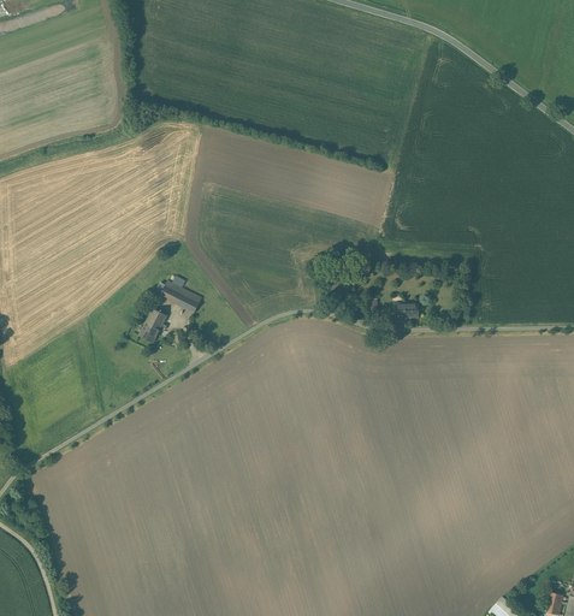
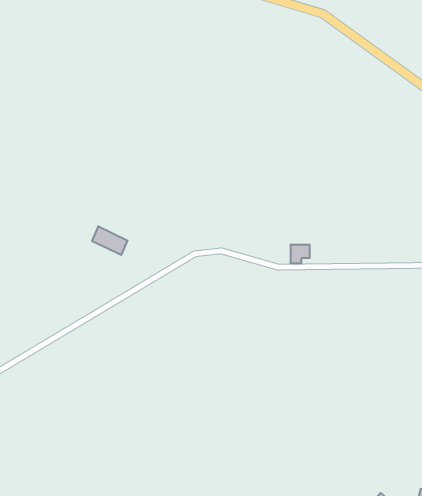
building: [137,308,166,344] -> none

